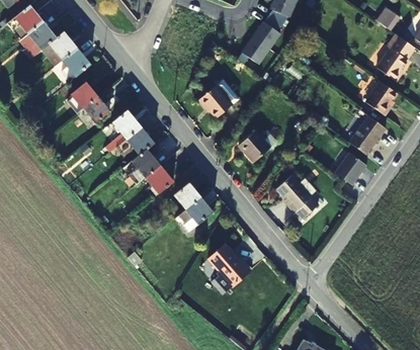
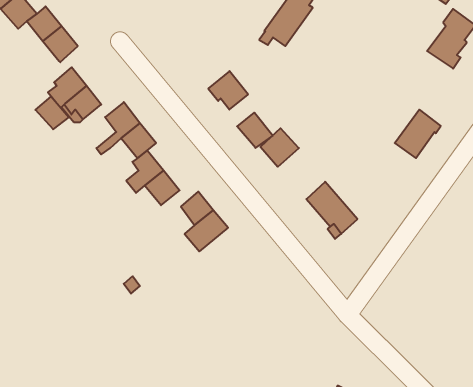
building: [365,82,397,115] -> none
building: none -> [35,96,69,129]
building: none -> [237,113,273,148]
building: [334,153,366,186] -> none
building: [208,244,249,286] -> none

